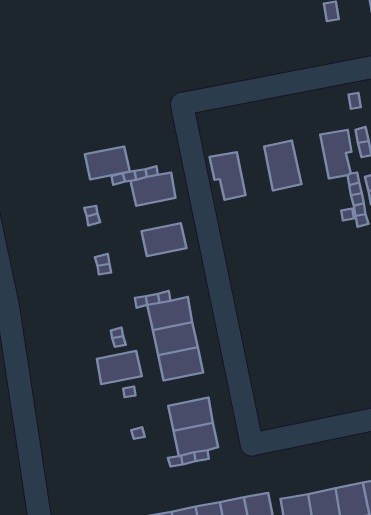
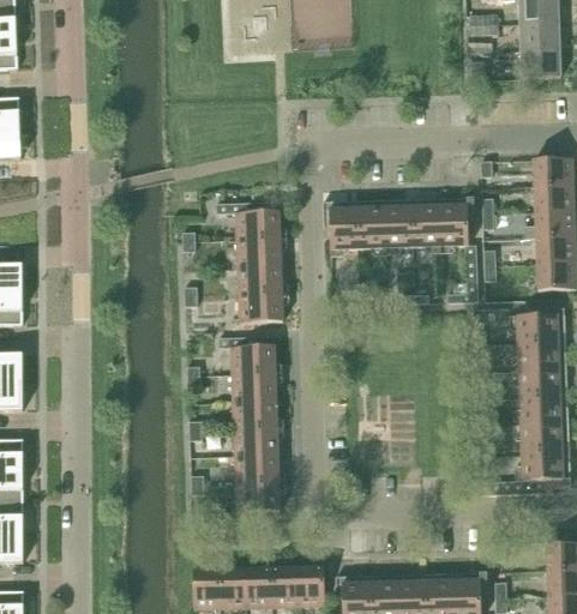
building: none -> [413,200,445,249]
building: [85,146,130,179] -> [236,241,281,270]
building: none -> [353,203,384,251]
building: none -> [239,296,283,325]
building: [97,351,142,384] -> [234,431,278,459]

